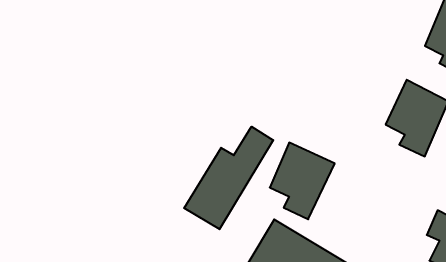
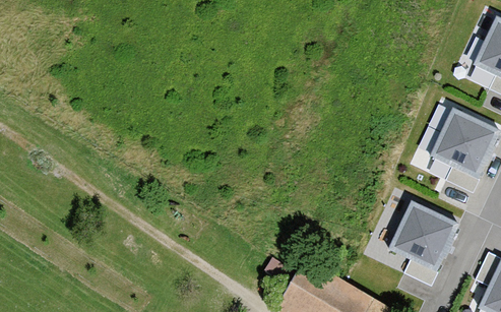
building: [184,127,273,229] -> none
building: [270,143,335,219] -> [388,199,460,285]

